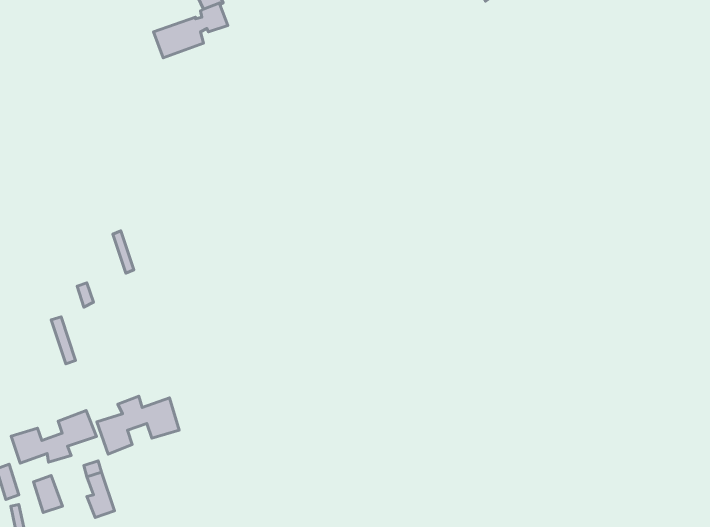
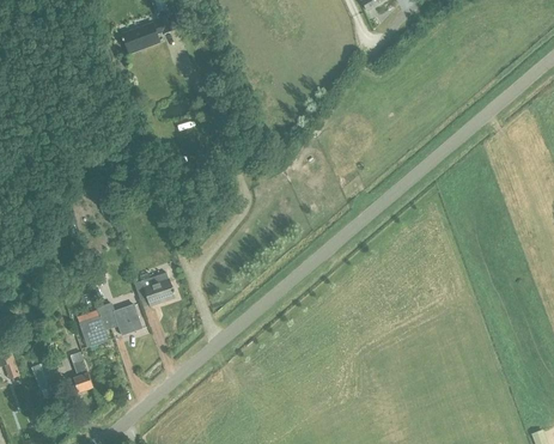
building: none -> [134,272,173,303]
building: [11,411,97,463] -> none

